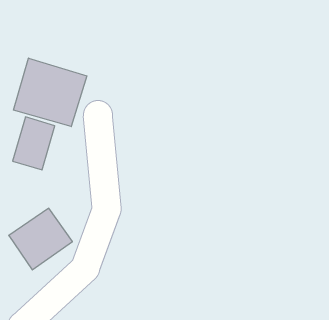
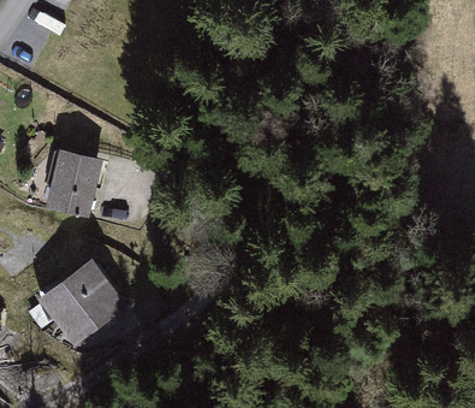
building: [14,58,87,127] -> none

